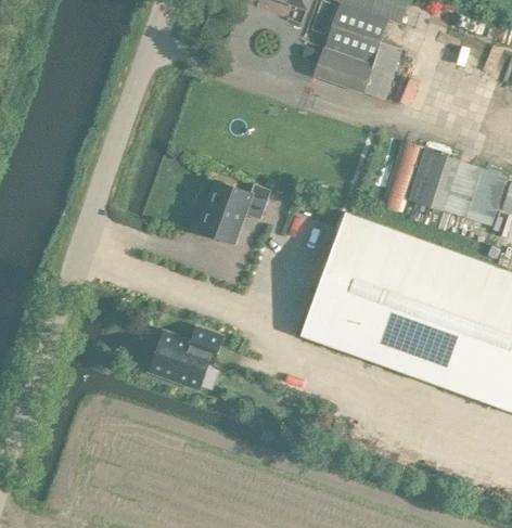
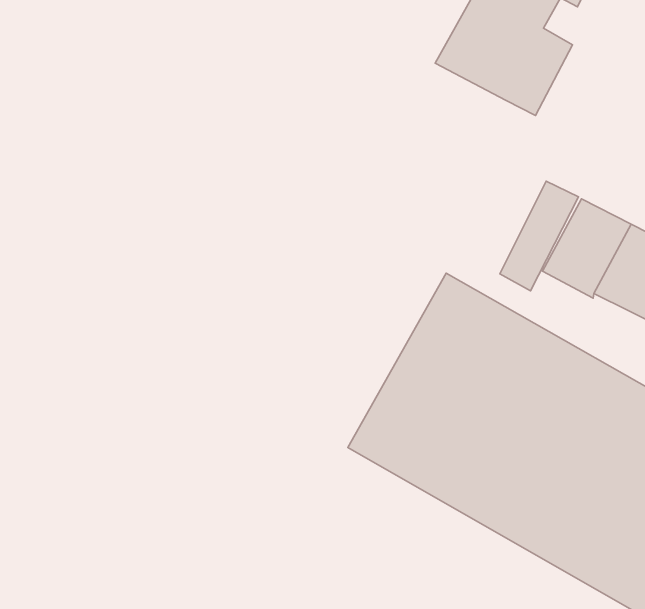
building: [196,180,272,245] -> none
building: [149,327,221,389] -> none

